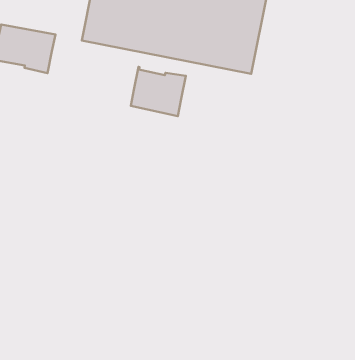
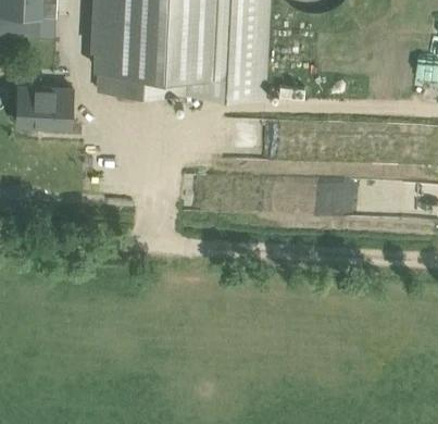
building: [131,67,186,116] -> none

